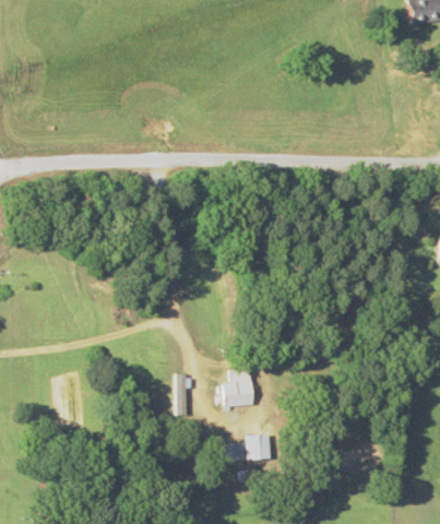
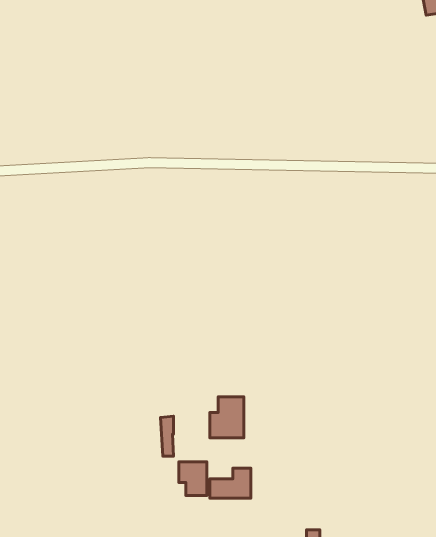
building: none -> [179,462,207,496]

